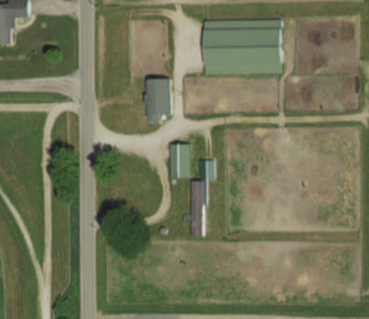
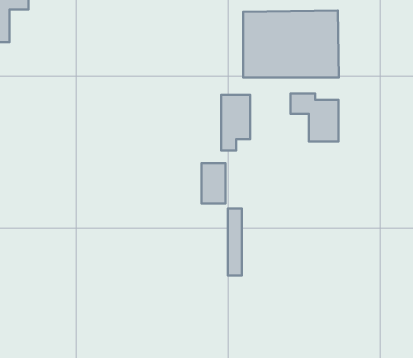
building: [145,78,168,124] -> [221,95,250,150]
building: none -> [291,93,339,142]

